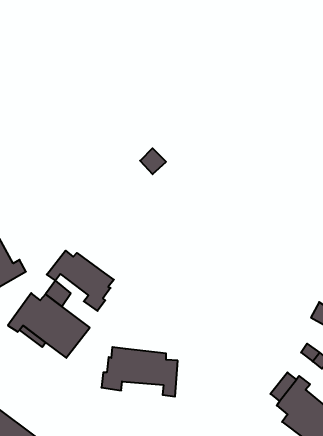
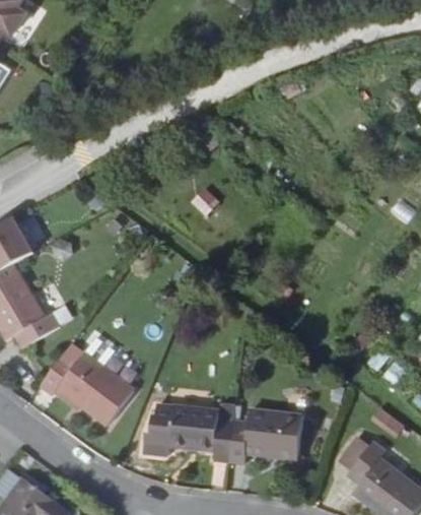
building: [47,251,114,311] -> none
building: none -> [229,411,300,466]

